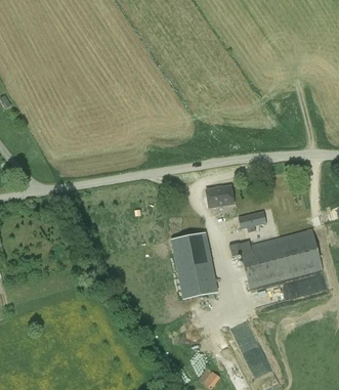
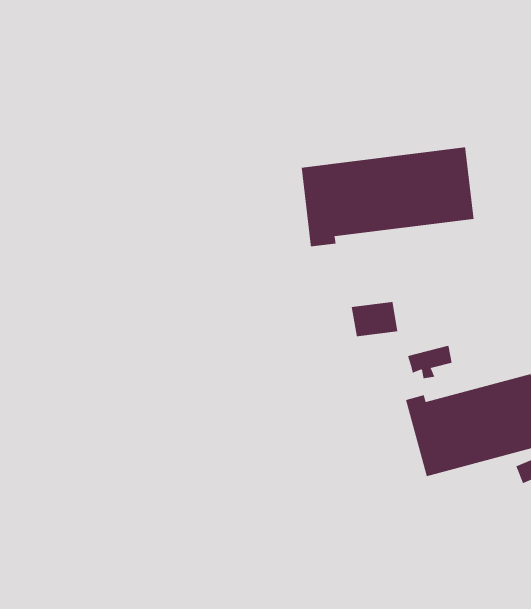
building: none -> [301,146,474,247]
building: [170,232,218,300] -> none

